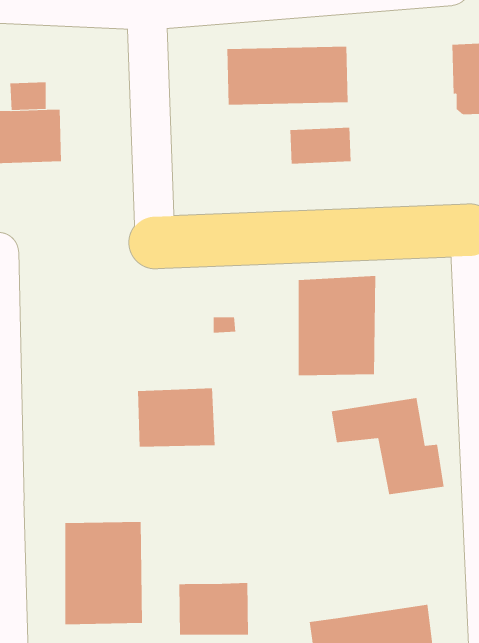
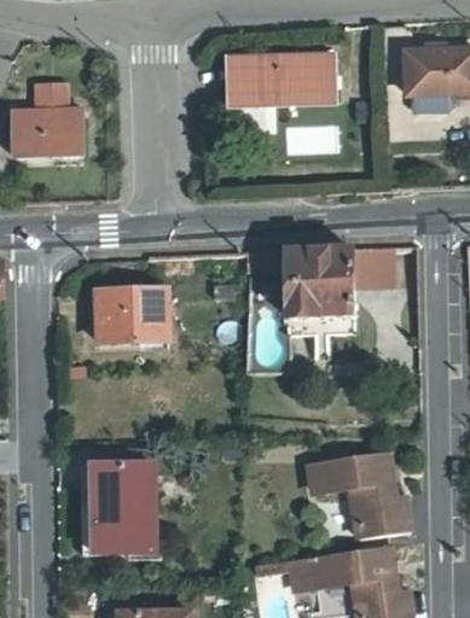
building: none -> [355,250,395,285]
building: [137,388,216,447] -> [94,293,163,345]
building: [331,397,445,495] -> [321,450,422,536]
building: [179,582,249,636] -> none

